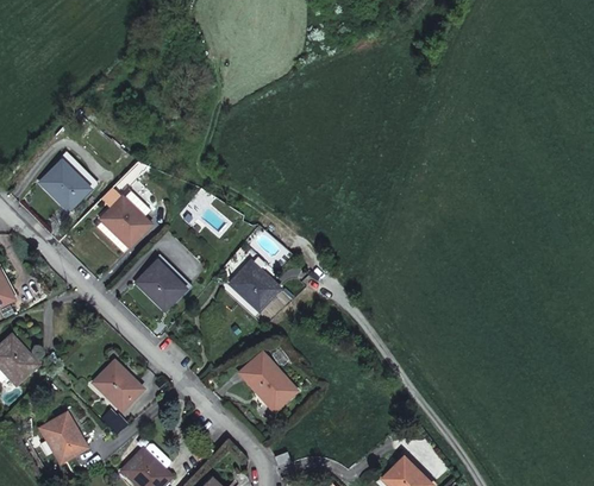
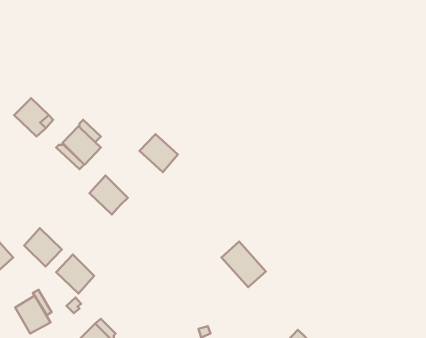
building: [230,261,279,310] -> [140,134,178,172]
building: none -> [24,228,62,267]
building: [239,352,296,410] -> [221,242,266,287]

